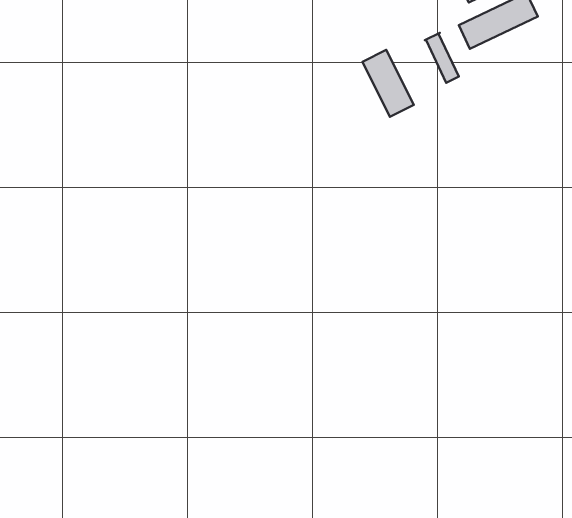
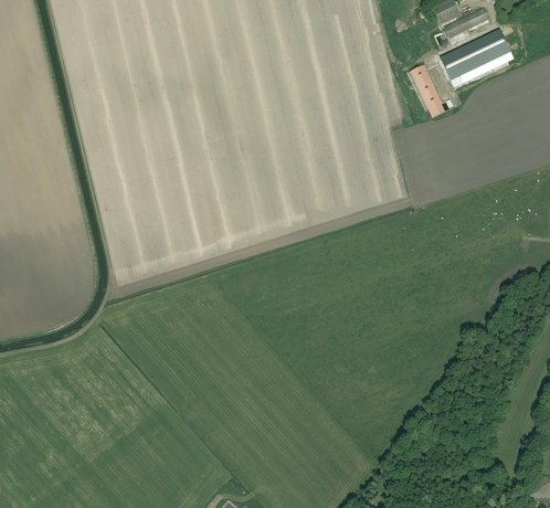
building: [362,50,414,117] -> none

